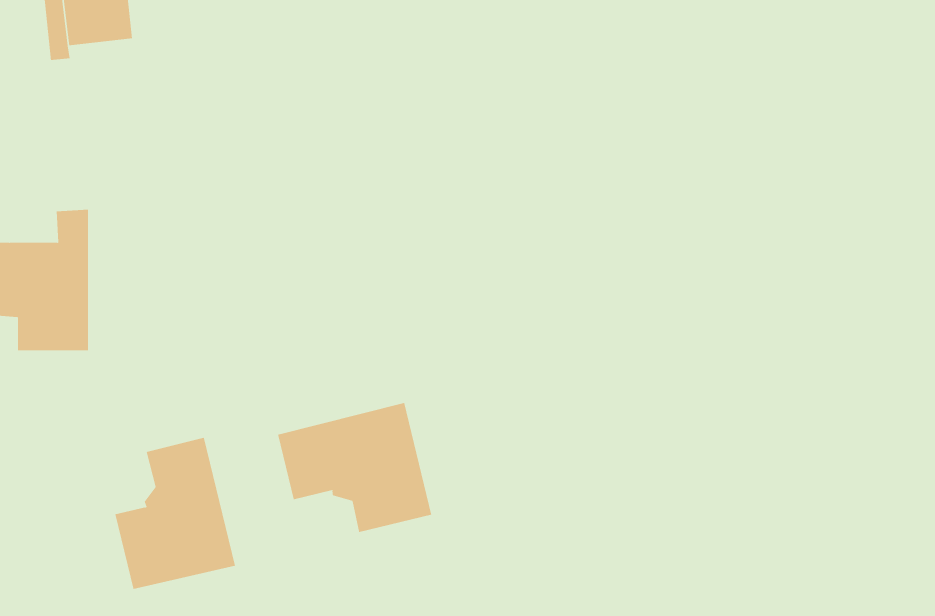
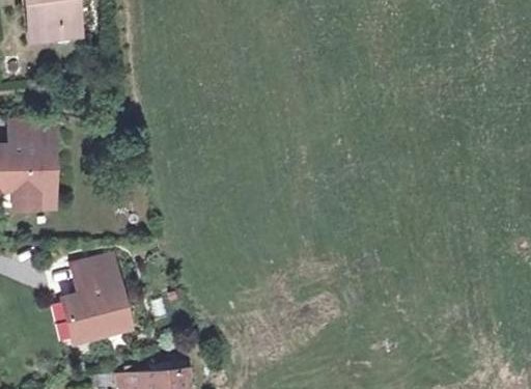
building: none -> [7,120,52,147]
building: [277,402,432,533] -> none

